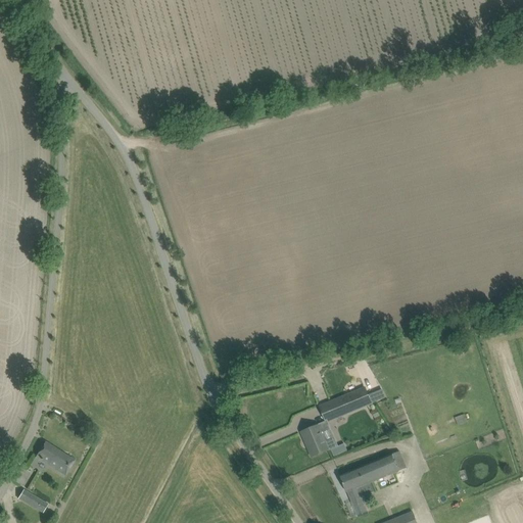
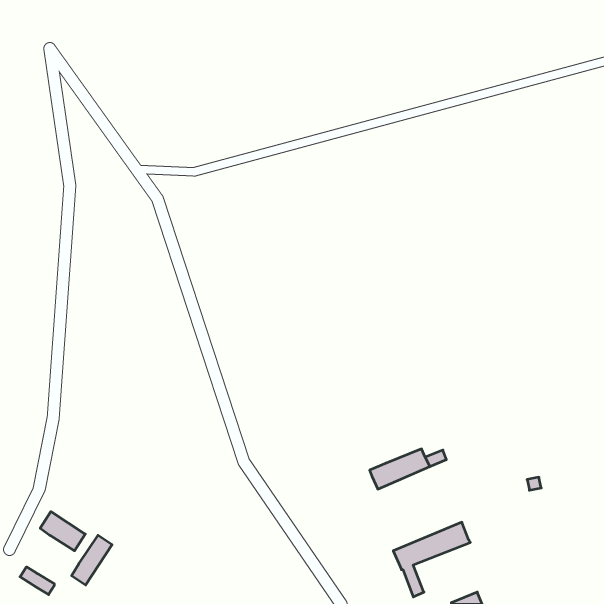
building: [300,424,337,455] -> none
building: none -> [72,535,112,585]

